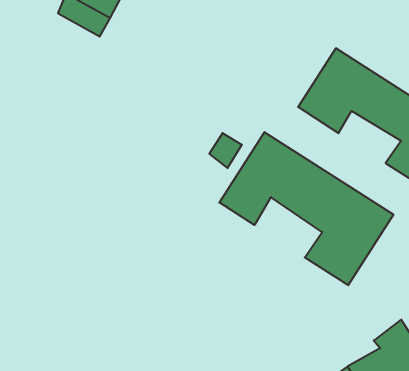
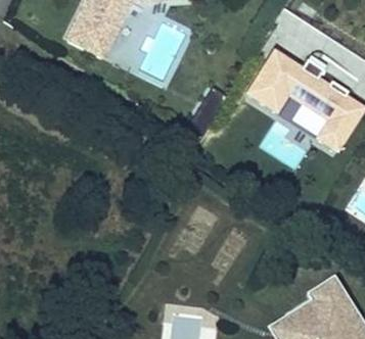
building: [219,132,393,285] -> none

